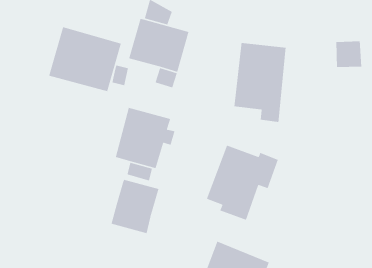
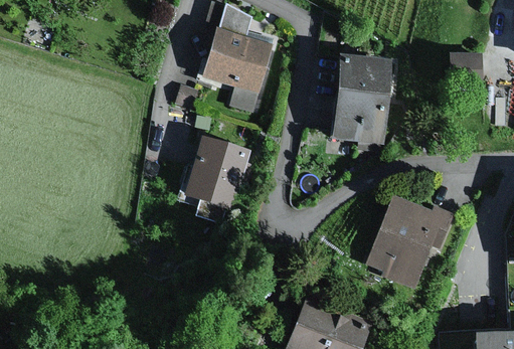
building: [48,26,122,92] -> none
building: [206,145,279,221] -> [368,195,457,288]
building: [110,179,160,234] -> none

